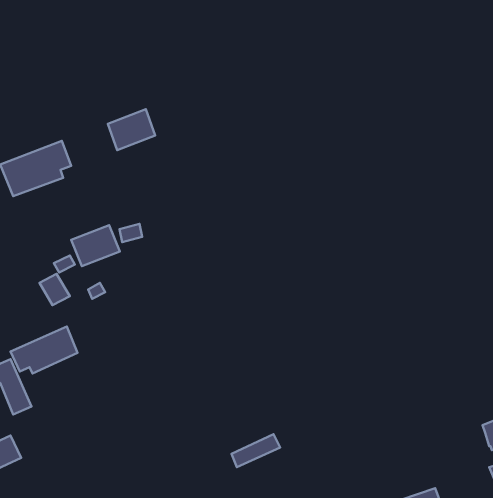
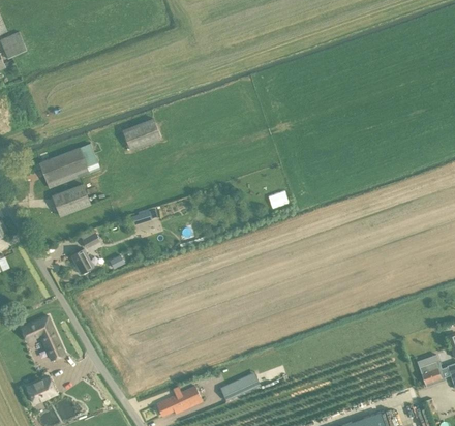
building: [71,225,120,266] -> [51,182,89,214]
building: [11,327,78,373] -> none
building: none -> [155,385,201,416]

